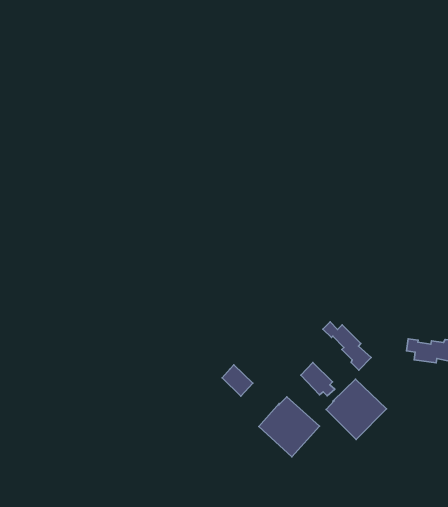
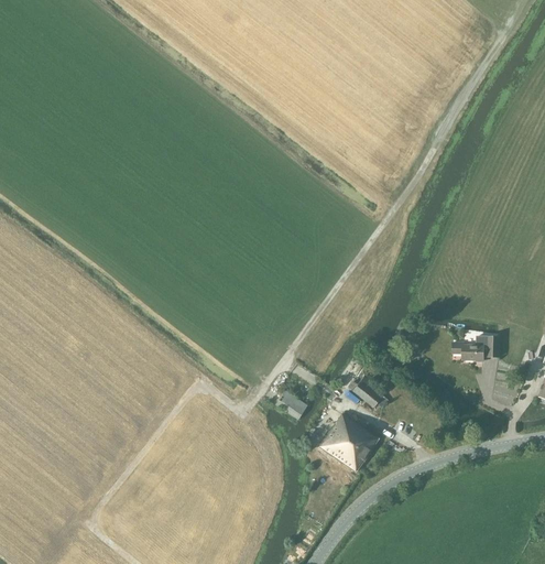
building: [323,322,371,370] -> none
building: [326,379,387,440] -> none

